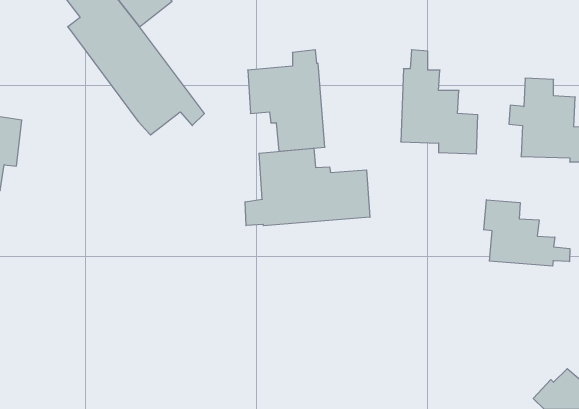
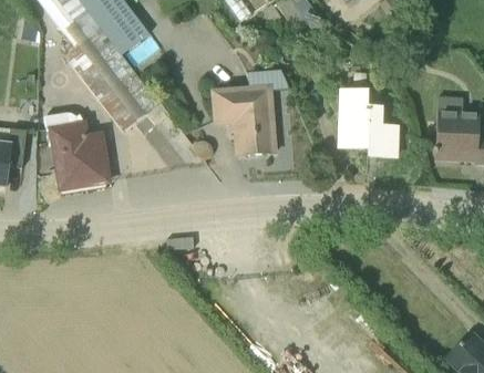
building: none -> [45,113,112,193]
building: [245,148,370,226] -> none
building: [484,200,570,266] -> none

